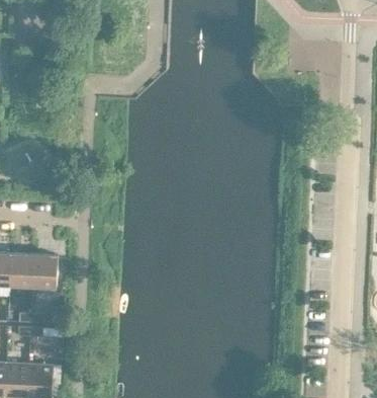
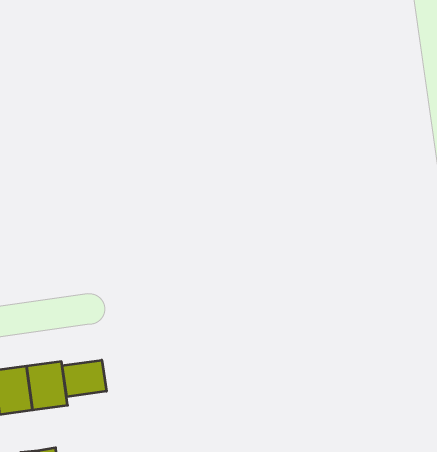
building: none -> [62,360,106,397]

